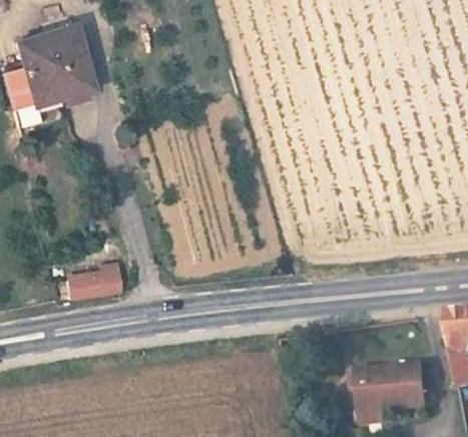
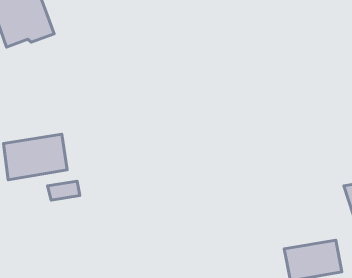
building: none -> [4,134,67,180]

